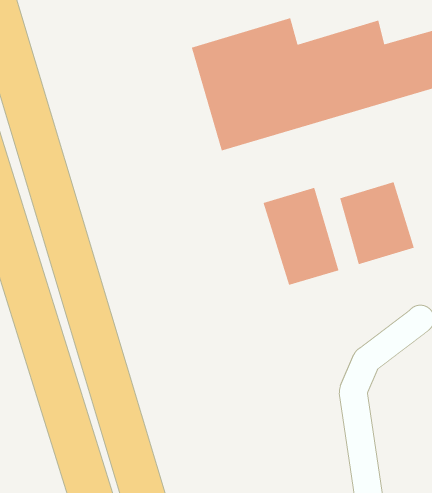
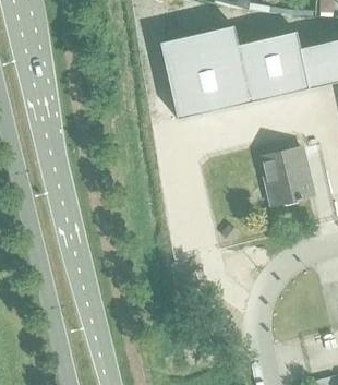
building: [263,187,339,286] -> none

